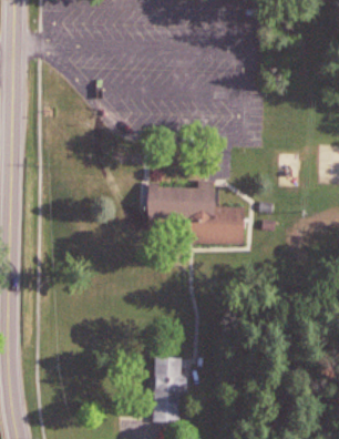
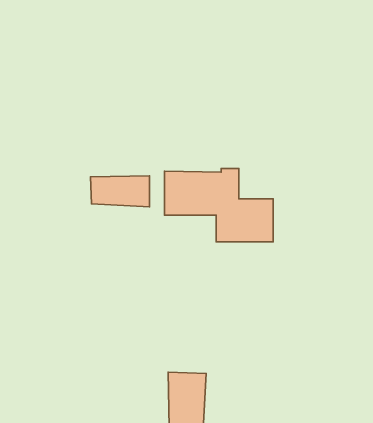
building: none -> [90,176,149,207]

